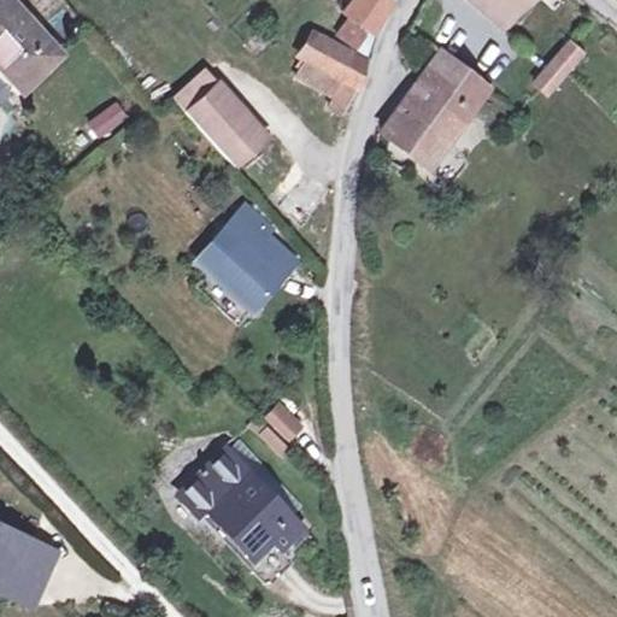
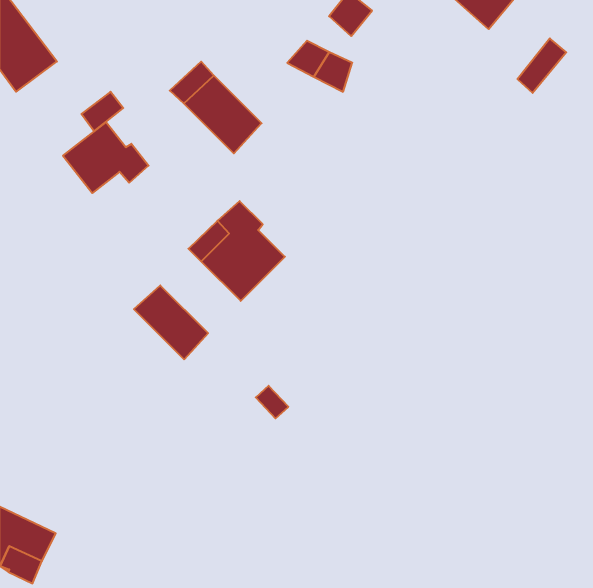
building: [388,49,495,164] -> none
building: none -> [63,122,149,193]
building: none -> [134,285,208,359]
building: [177,453,296,557] -> none

